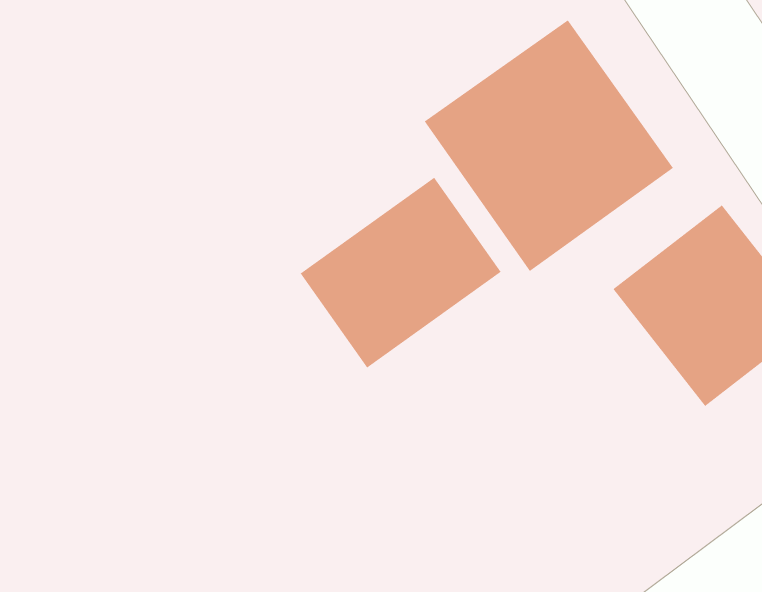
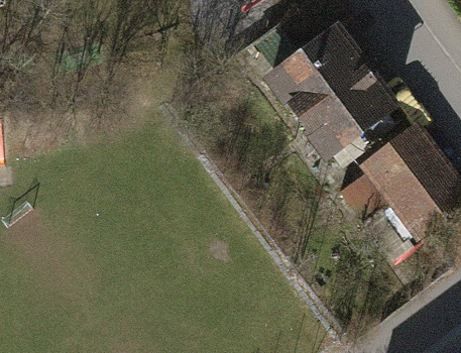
building: [300,177,502,368] -> none

